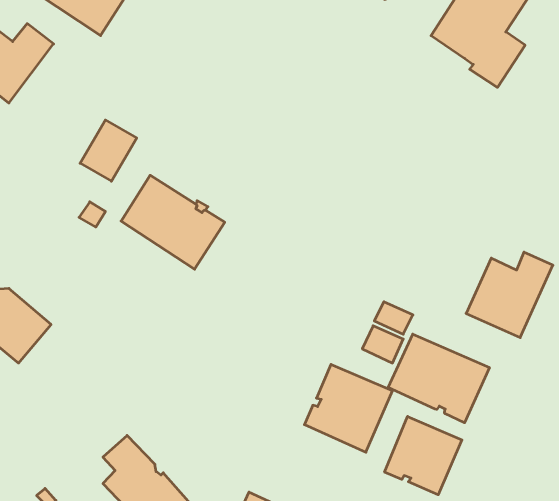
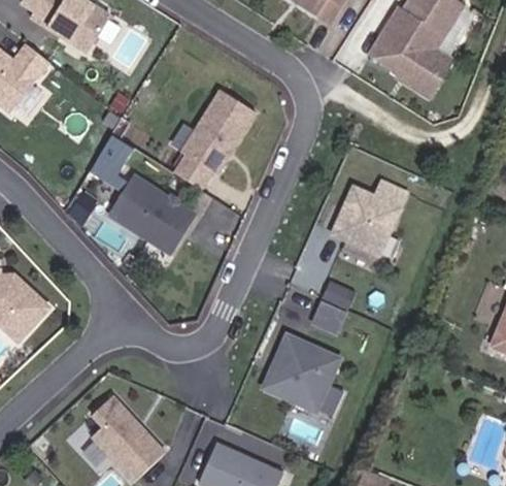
building: none -> [170,89,259,189]
building: [466,252,553,338] -> [333,182,407,255]
building: [388,334,489,423] -> none
building: [385,416,462,495] -> none

